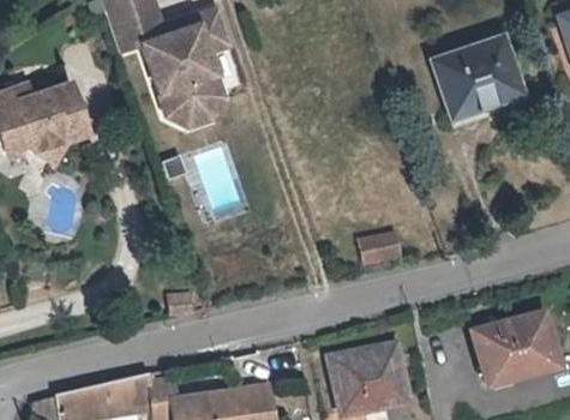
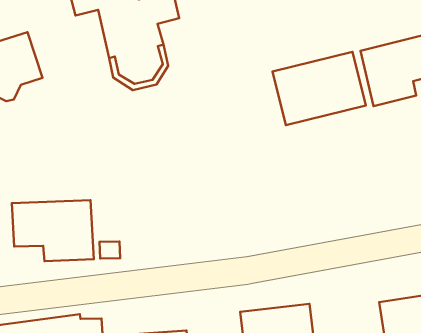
building: none -> [273,52,366,125]
building: [355,228,401,264] -> none
building: none -> [12,200,94,261]

